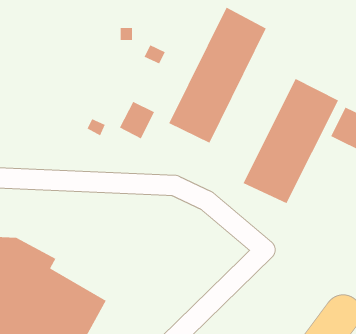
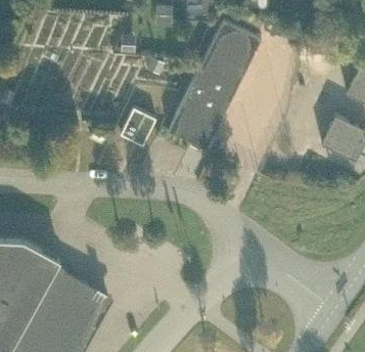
building: [243,78,339,204] -> none

